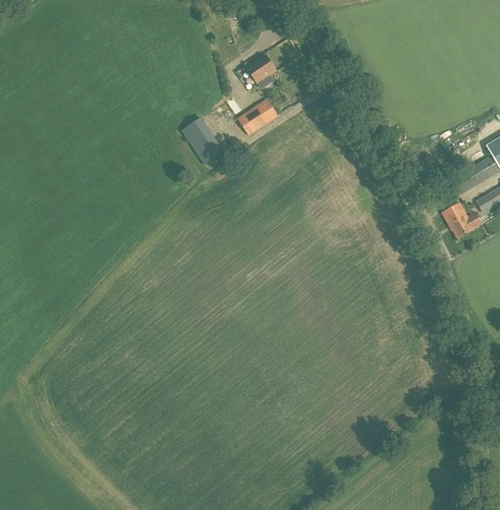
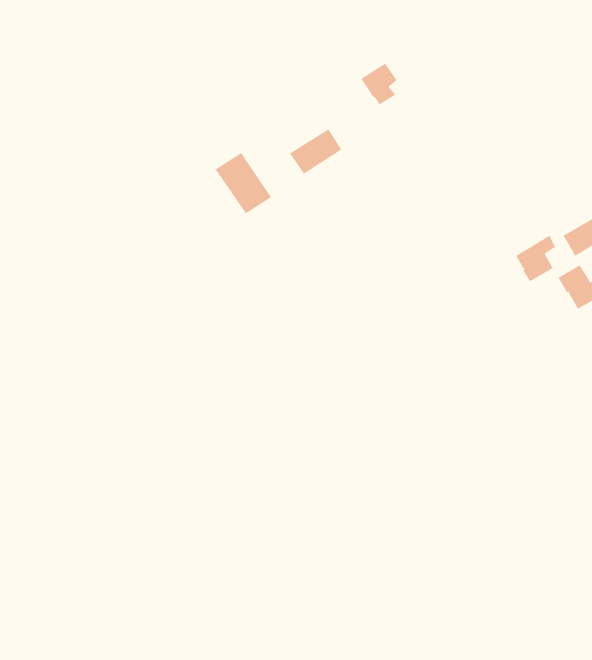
building: [247,56,276,88] -> [360,63,398,105]
building: none -> [515,235,556,282]

